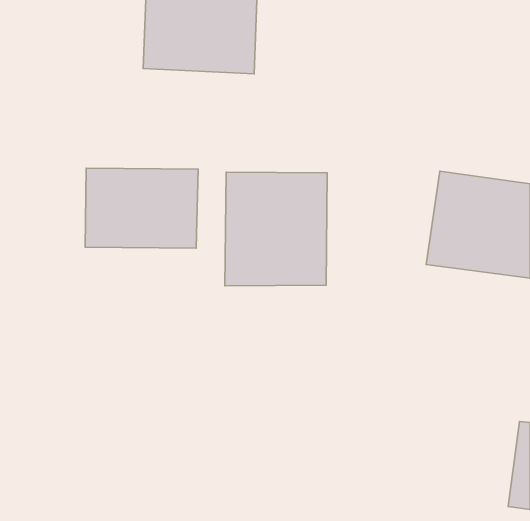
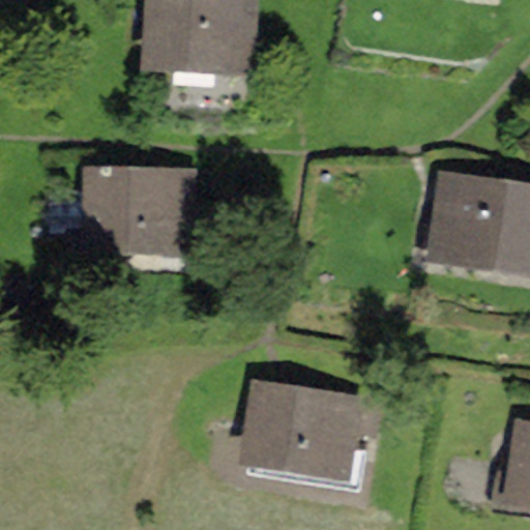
building: [225,172,327,286] -> none
building: none -> [236,377,384,487]

